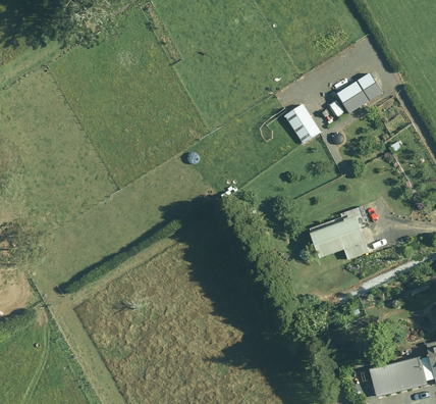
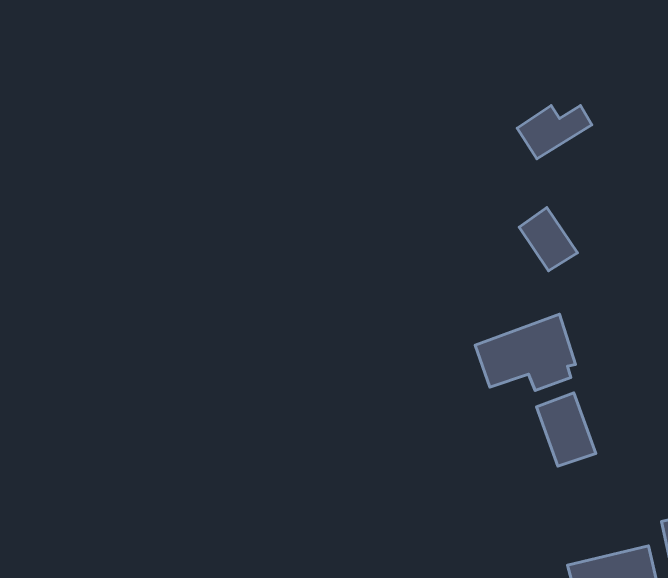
building: [284,103,321,143] -> [519,208,578,271]
building: none -> [537,393,596,466]

